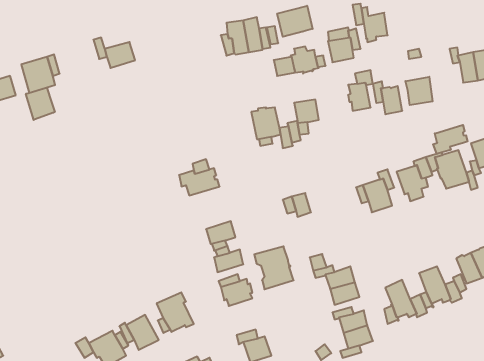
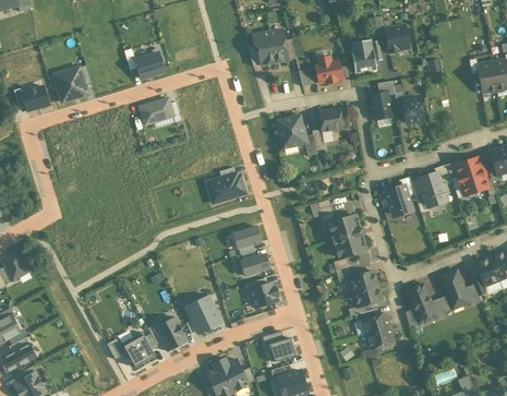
building: [277,6,313,37] -> none
building: [405,77,433,105] -> none
building: [26,88,55,120] -> none
building: none -> [140,98,173,124]
building: [433,125,468,154] -> none
building: [254,246,294,289] -> [328,215,366,256]

